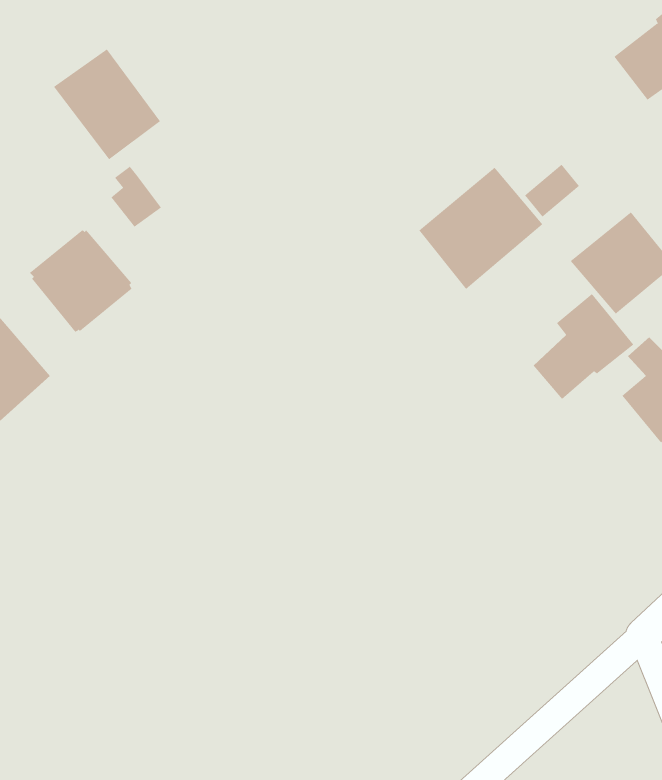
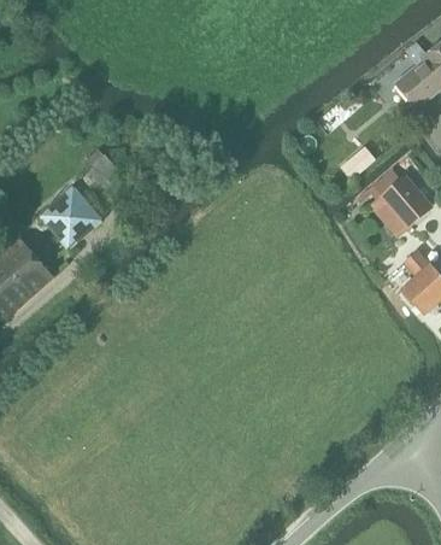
building: [53,48,161,160] -> none
building: [418,167,543,290] -> none
building: [533,293,634,400] -> none

